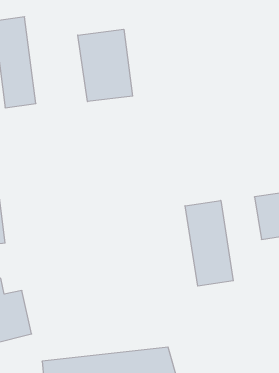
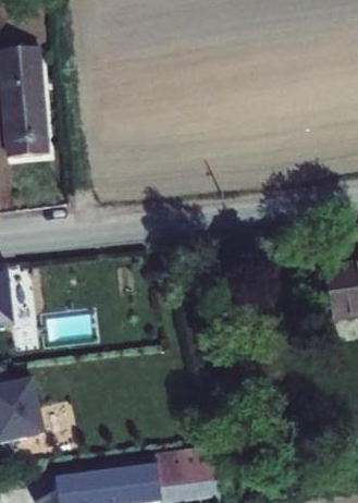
building: [78,29,133,102] -> none
building: [185,200,233,286] -> none

